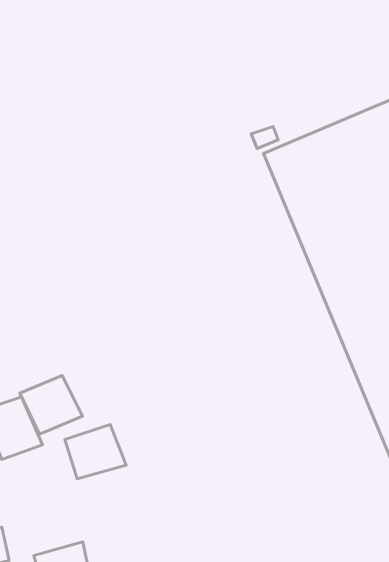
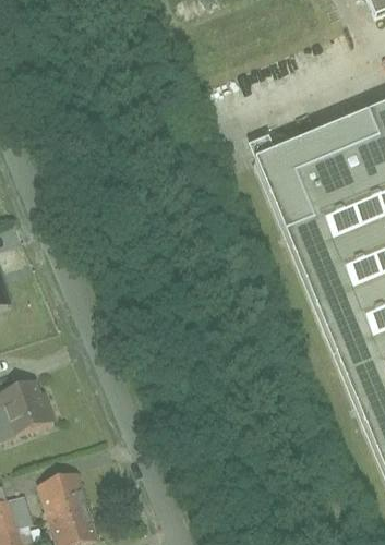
building: [20,376,82,434] -> none
building: [65,425,126,479] -> [38,467,93,514]

